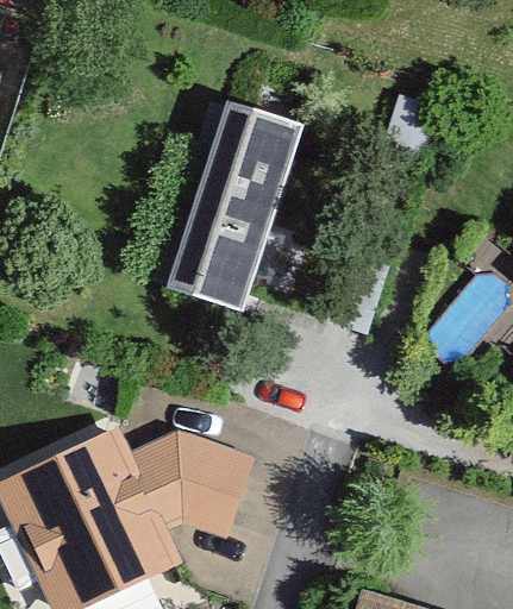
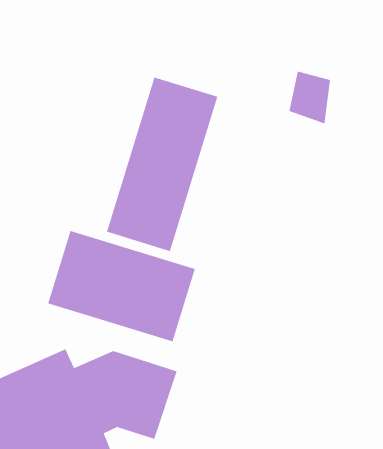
building: none -> [48,230,195,342]

